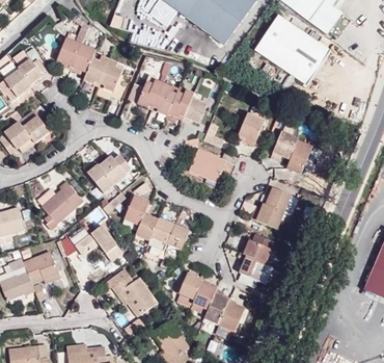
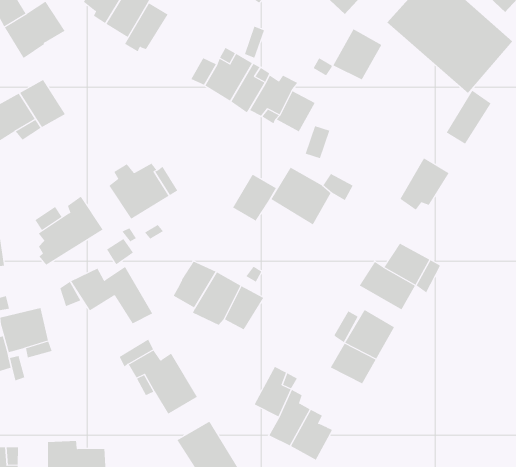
building: [100,59,127,94] -> none
building: [235,111,265,144] -> [333,29,382,80]
building: [286,141,313,177] -> [446,90,491,145]
building: [121,198,148,228] -> [232,174,277,222]
building: [173,270,203,302] -> none

